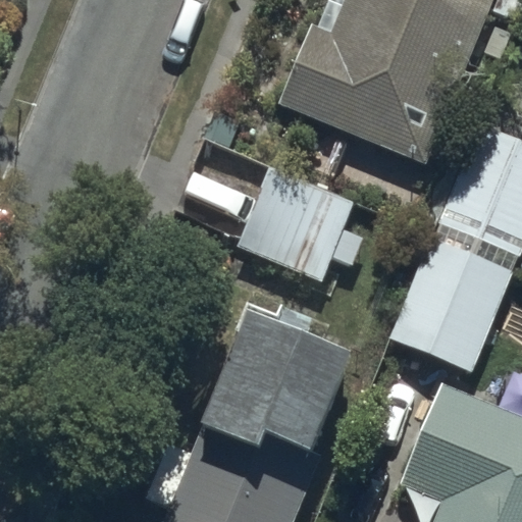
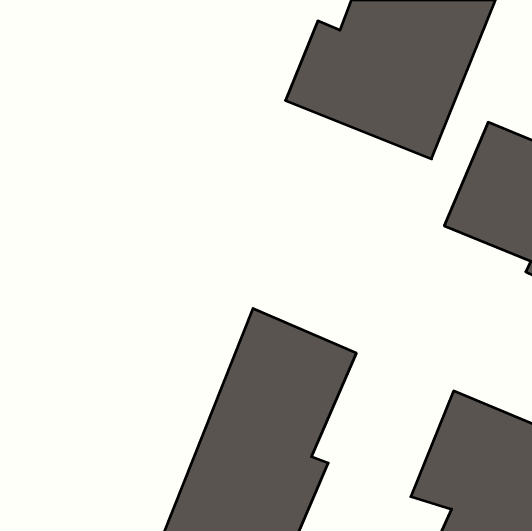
building: [238,165,364,283] -> none
building: [383,238,512,372] -> none

